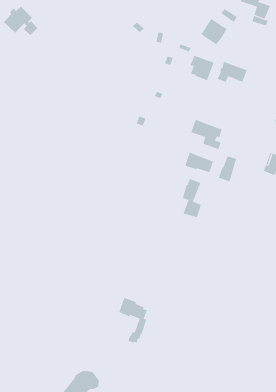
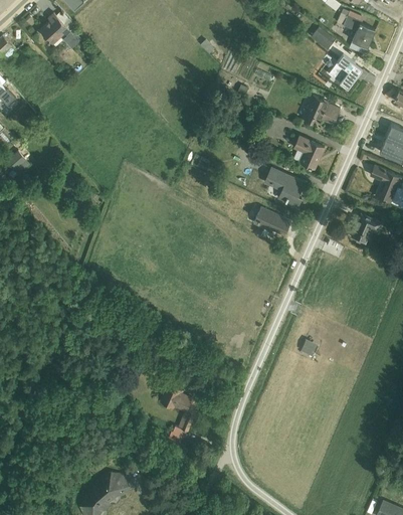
building: [201,18,228,45] -> [328,53,362,88]
building: [190,55,214,81] -> [292,135,324,168]
building: [218,156,237,182] -> none
building: [182,178,202,219] -> none

